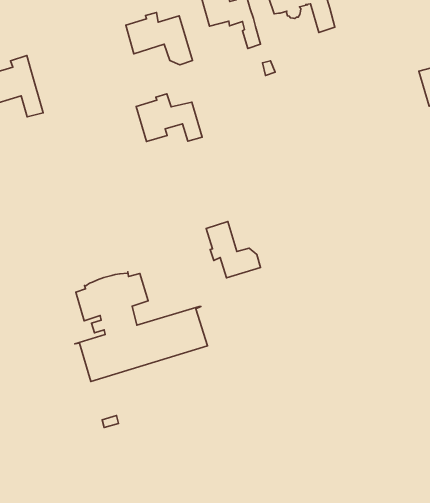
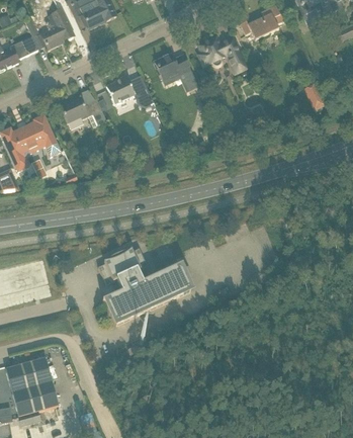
building: [136,94,202,142] -> [60,95,106,128]
building: [206,221,261,278] -> none

